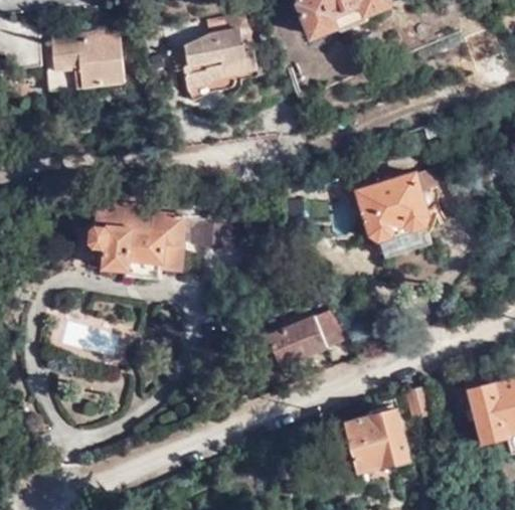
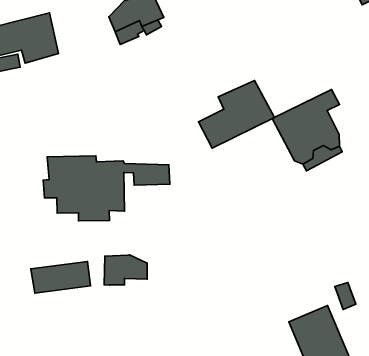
building: none -> [198,80,274,148]
building: [255,313,333,372] -> none
building: none -> [104,255,147,285]

